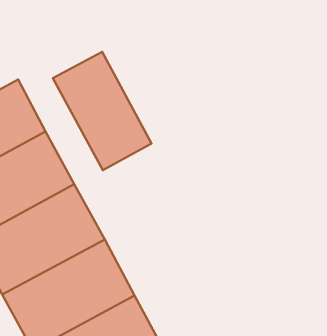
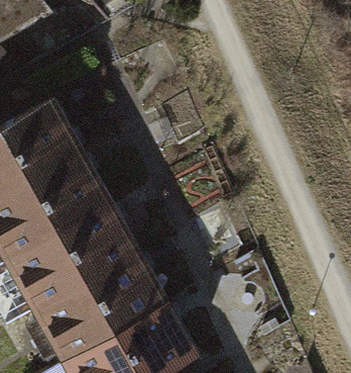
building: [53,52,151,170] -> none

